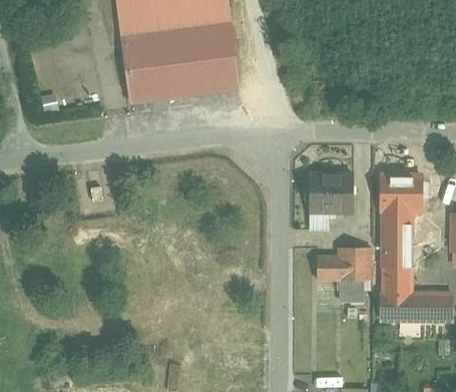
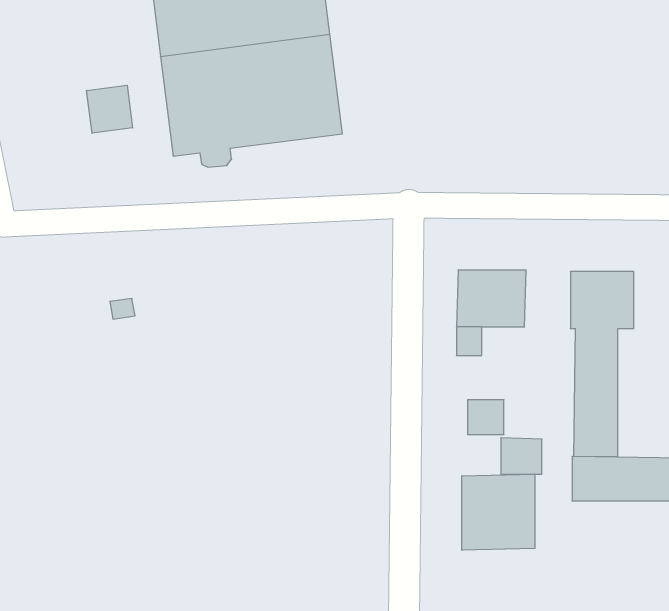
building: none -> [86,85,133,133]
building: [339,247,370,279] -> none
building: none -> [462,474,535,550]

